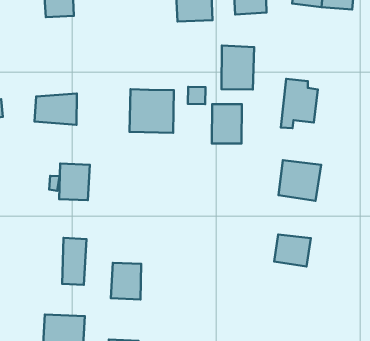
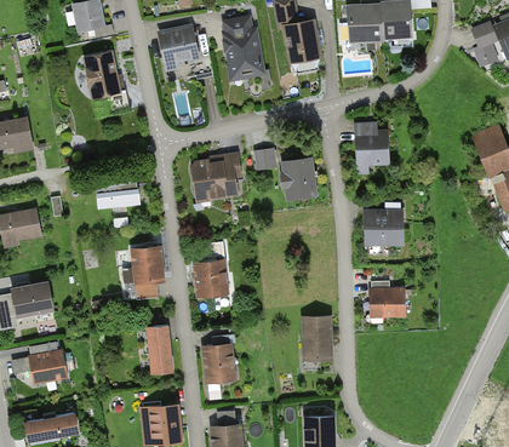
building: [221,46,254,89] -> none
building: none -> [191,259,229,298]
building: none -> [301,314,333,360]

